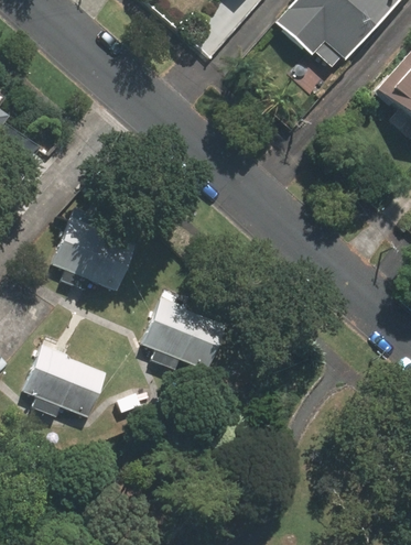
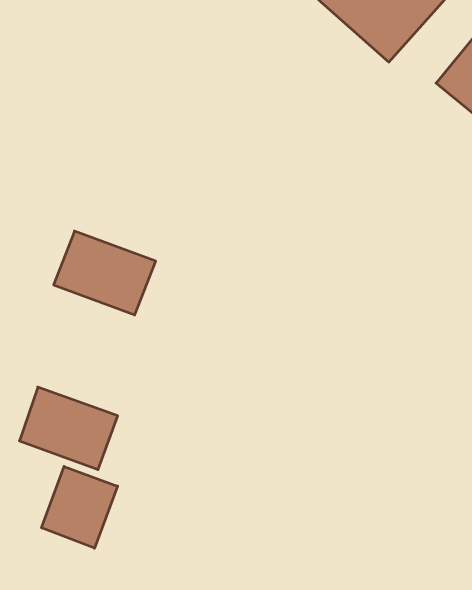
building: [143,296,228,371] -> none
building: none -> [42,466,118,548]

